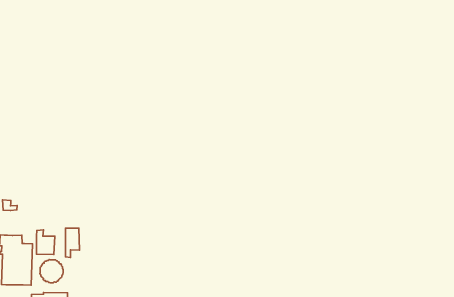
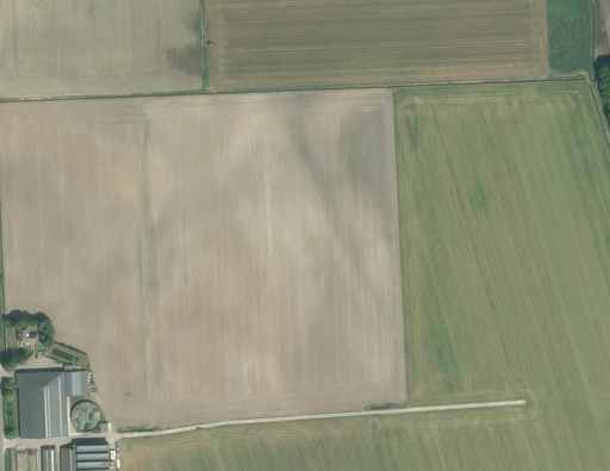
building: [65,228,80,257] -> none

